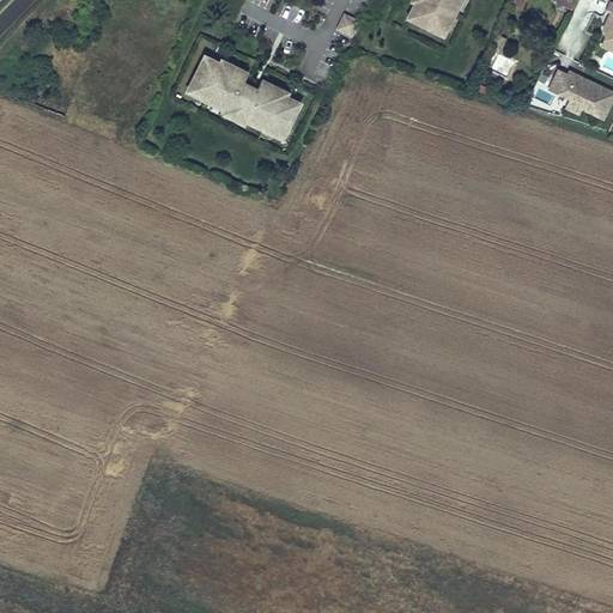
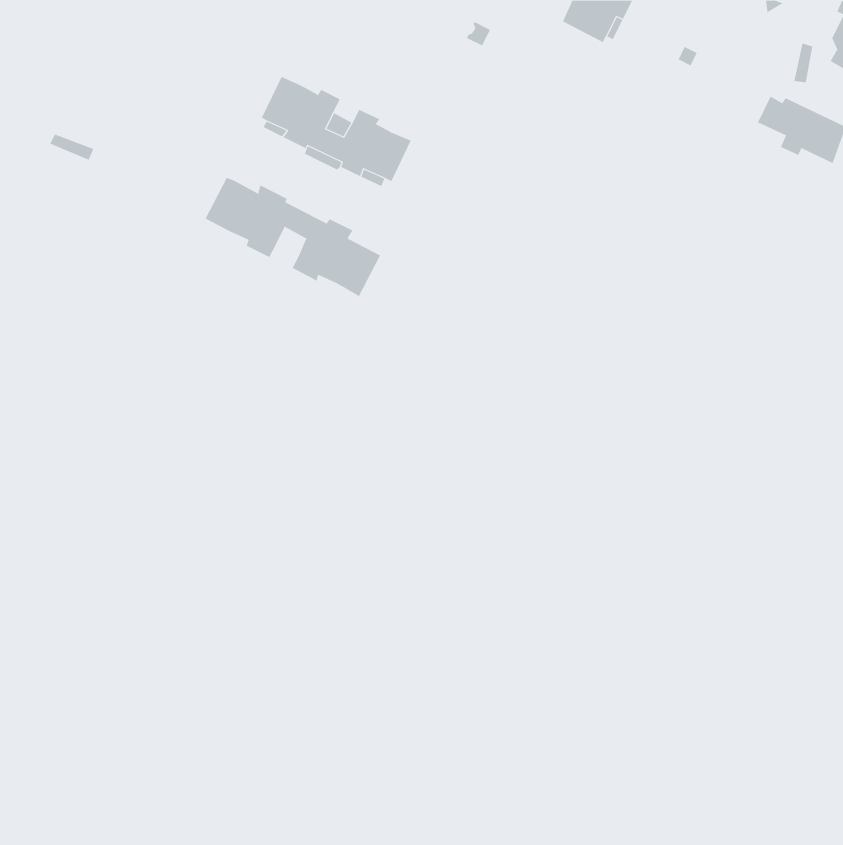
building: none -> [205,177,381,297]

